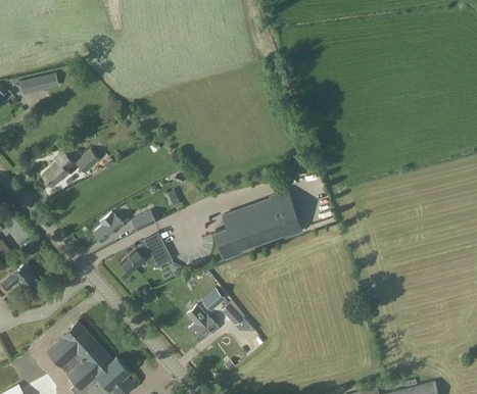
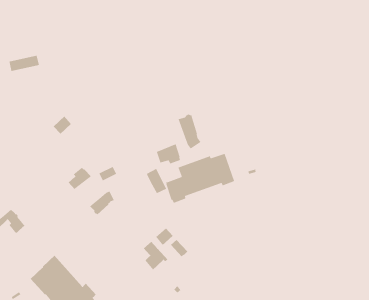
building: [41,147,77,186] -> none
building: none -> [178,113,202,150]
building: none -> [156,143,181,165]
building: [144,234,171,266] -> [146,168,167,194]

